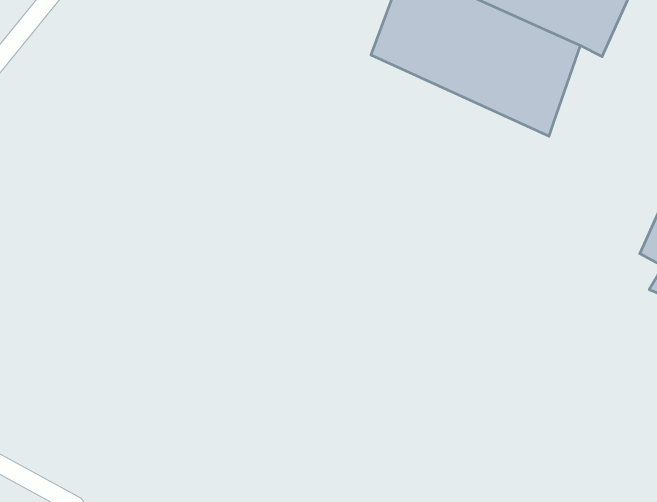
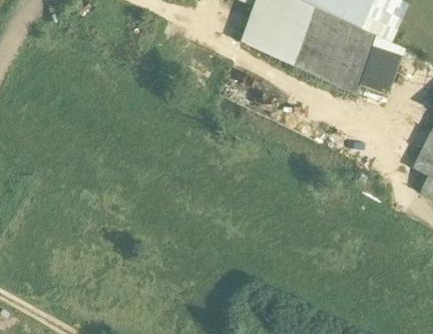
building: none -> [359,34,405,92]

